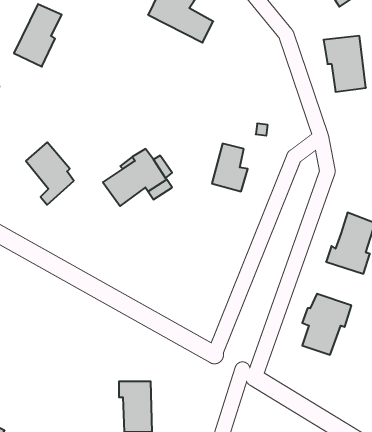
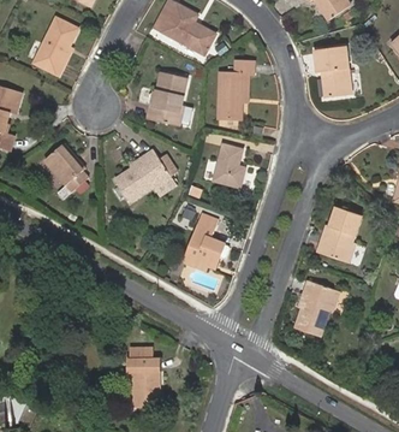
building: none -> [218,61,254,119]
building: none -> [147,72,186,125]
building: none -> [184,212,228,270]

